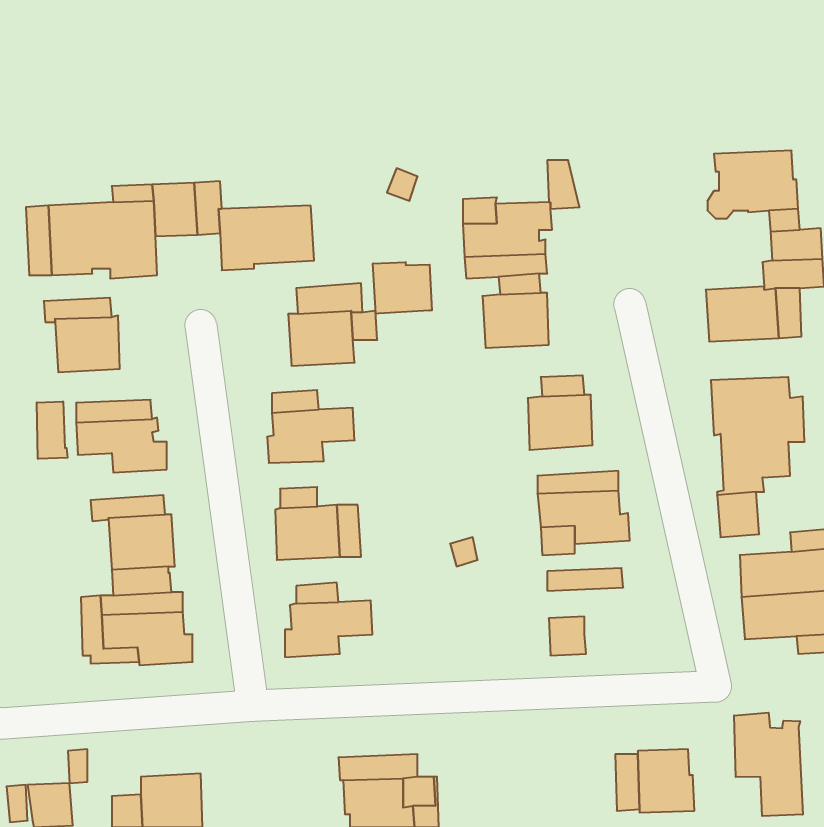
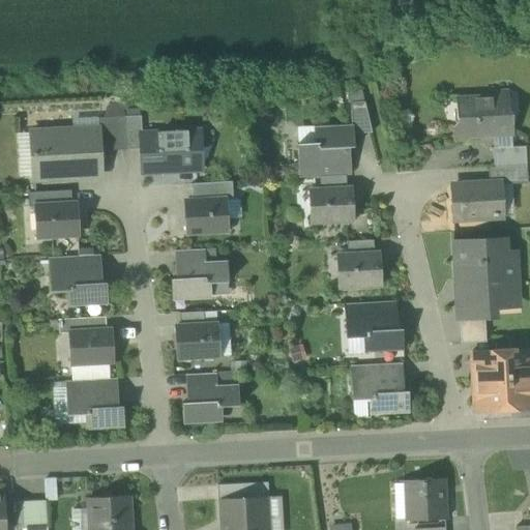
building: [373,262,432,314] -> none
building: [37,401,68,459] -> none
building: none -> [352,376,411,406]
building: [734,713,803,816] -> none

